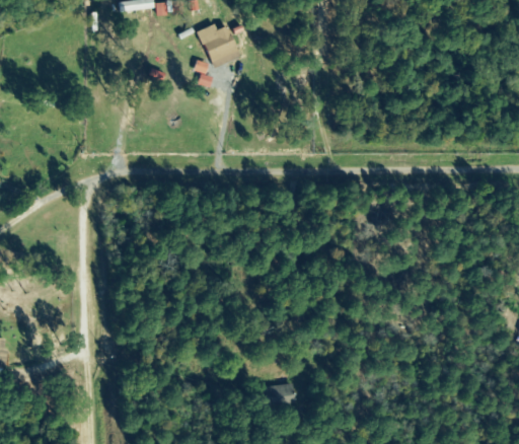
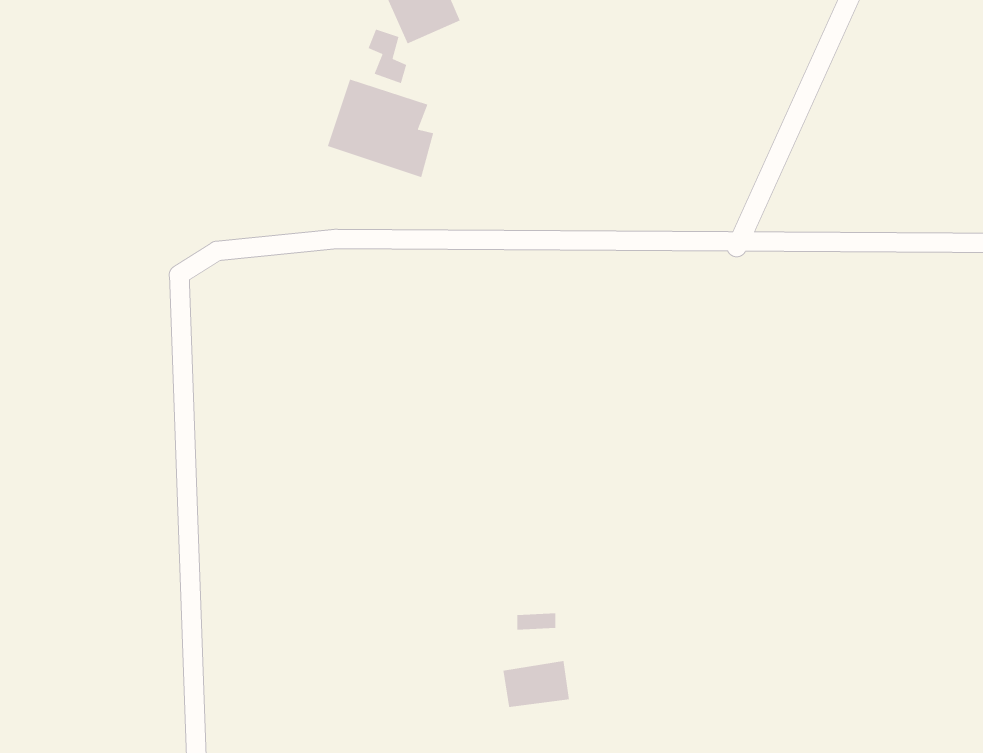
building: none -> [327,78,434,178]

